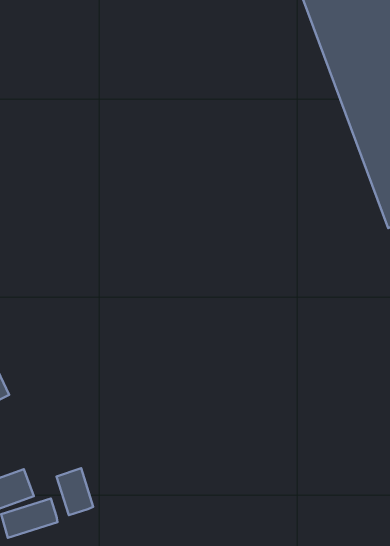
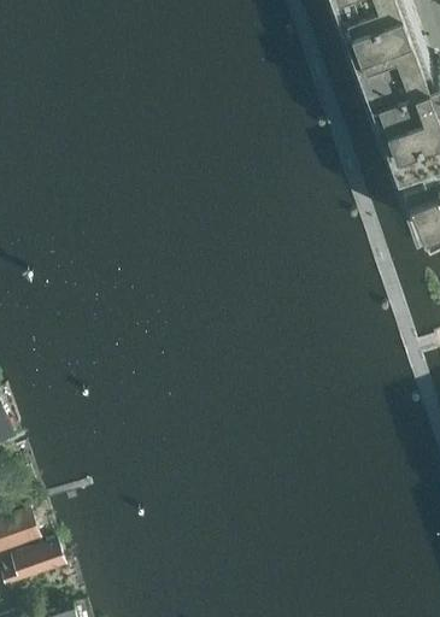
building: [57,468,93,515] -> none

